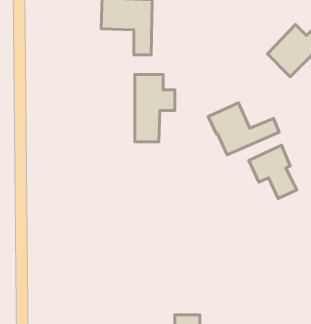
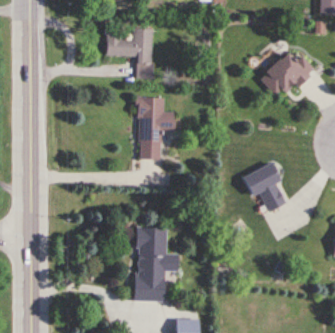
building: [208,103,279,155] -> none
building: none -> [135,227,179,300]

